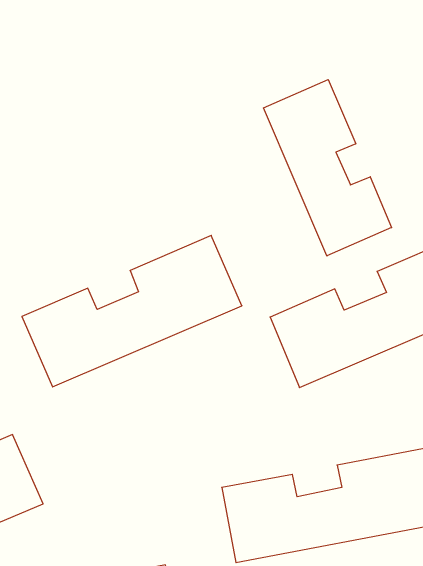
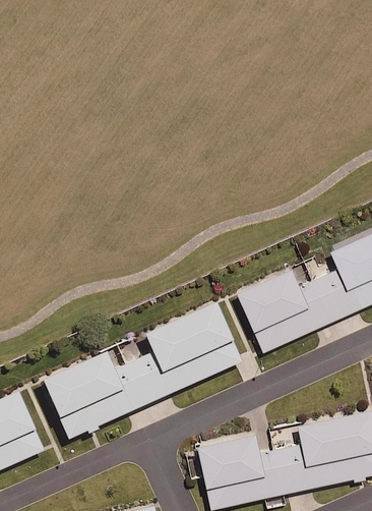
building: [263,80,392,256] -> none
building: [22,235,242,387] -> [51,303,241,435]

